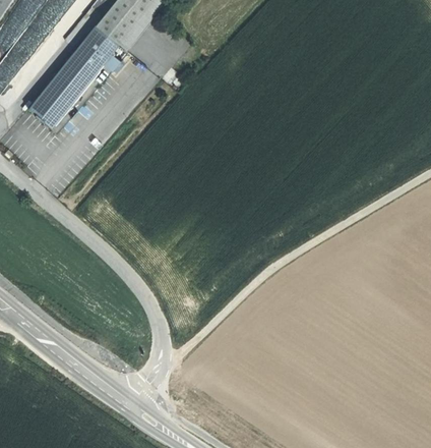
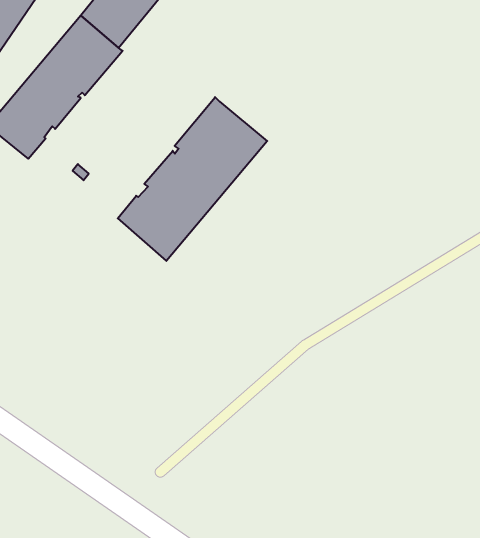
building: none -> [118,97,267,261]

